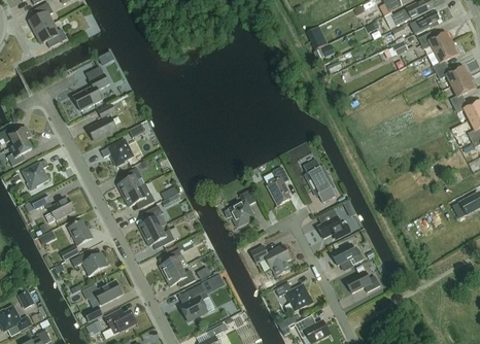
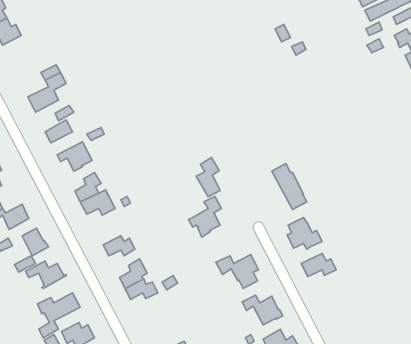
building: [268,167,290,204] -> [196,157,220,197]
building: [138,205,167,235] -> none
building: [345,271,380,293] -> none
building: [179,284,208,321] -> none

